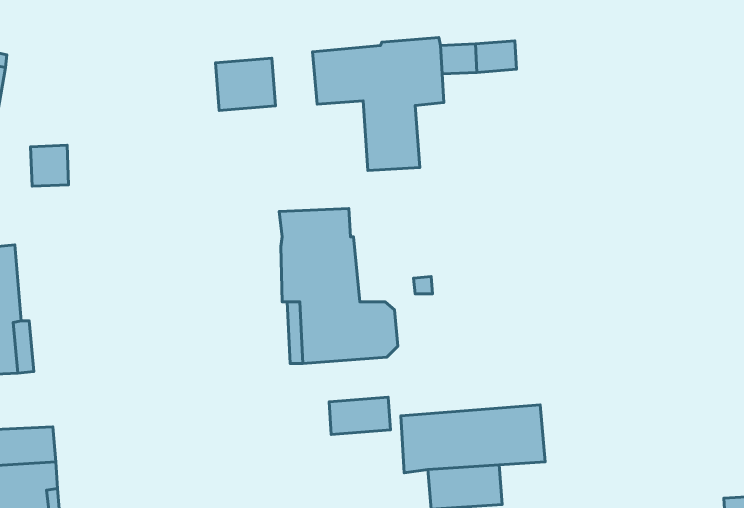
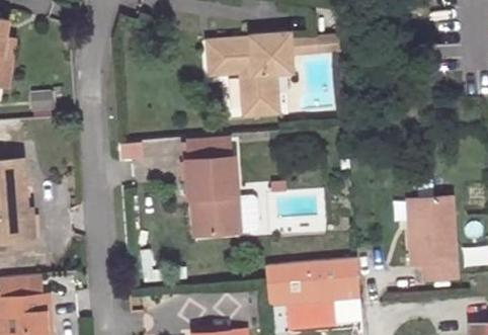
building: [215,58,275,110] -> none
building: none -> [407,196,459,280]
building: [329,397,390,435] -> none

